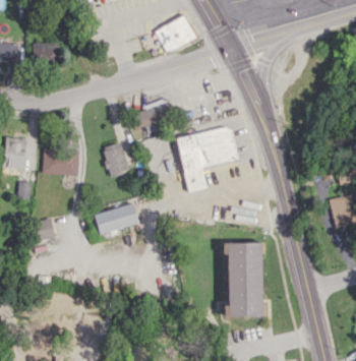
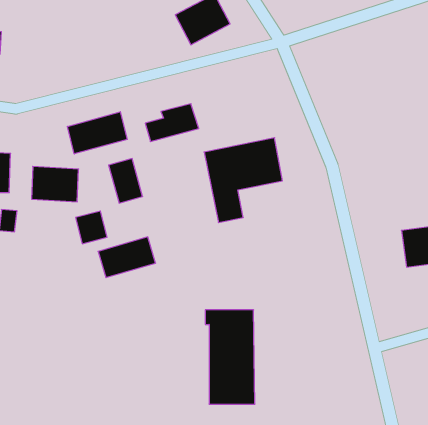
building: [34,43,60,66] -> none
building: none -> [67,112,127,154]
building: [32,218,56,243] -> [76,211,107,244]
building: [224,243,262,316] -> [205,310,255,404]

